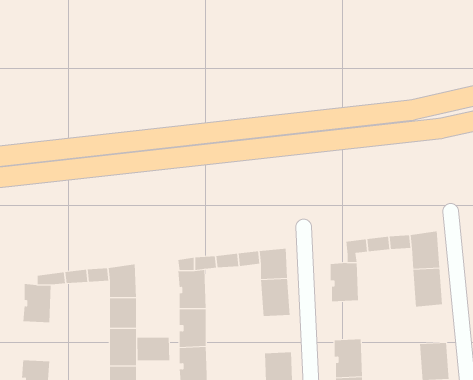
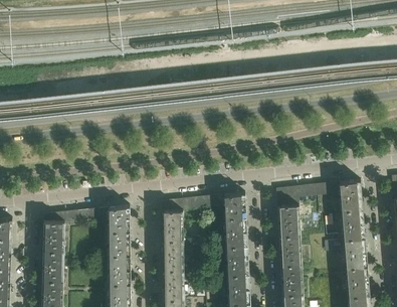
building: none -> [278,233,302,263]
building: none -> [343,236,367,266]
building: none -> [226,244,248,273]
building: none -> [42,249,63,279]
building: [137,337,170,361] -> none

